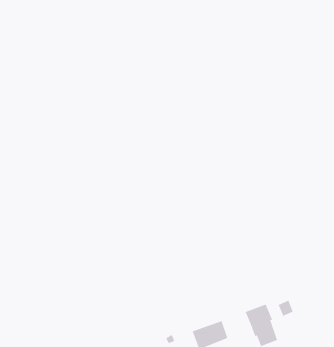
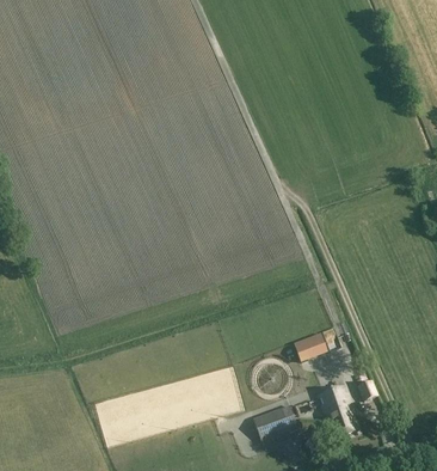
building: none -> [297,330,328,356]

